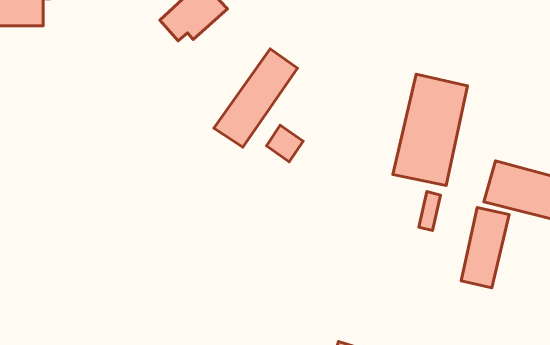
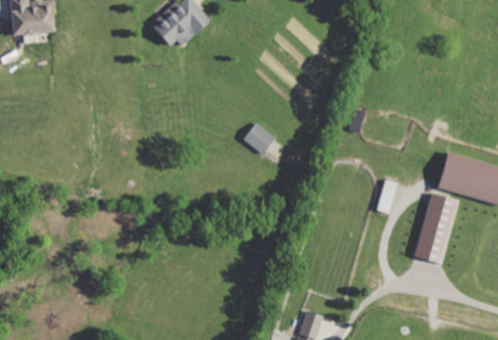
building: [214,49,297,147] -> none
building: [393,74,468,186] -> none

